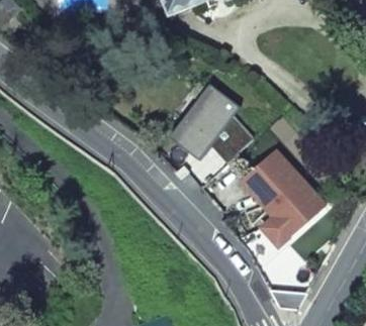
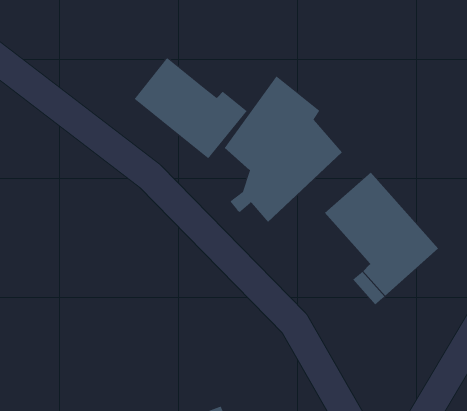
building: none -> [134,57,248,159]

